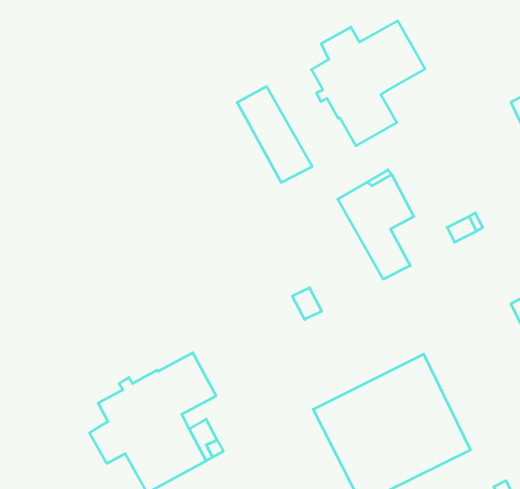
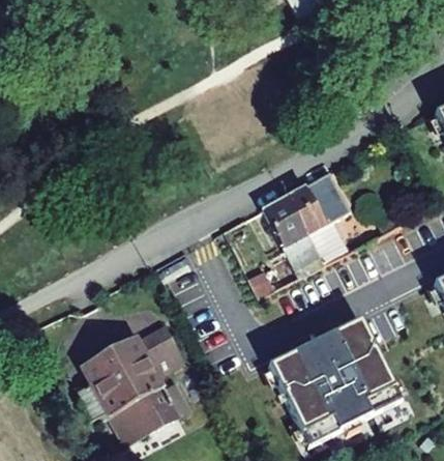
building: [311,21,425,146] -> none
building: [237,87,312,182] -> [263,190,326,270]

